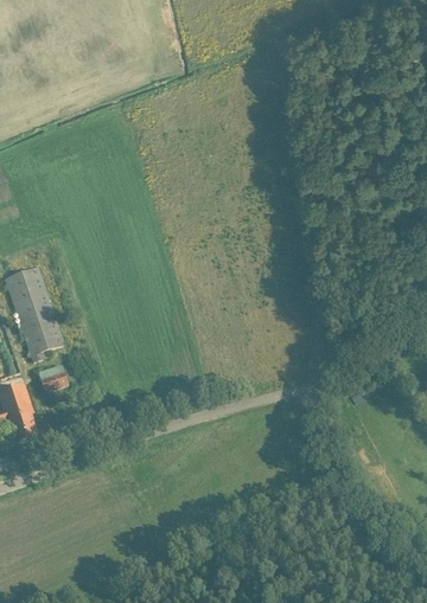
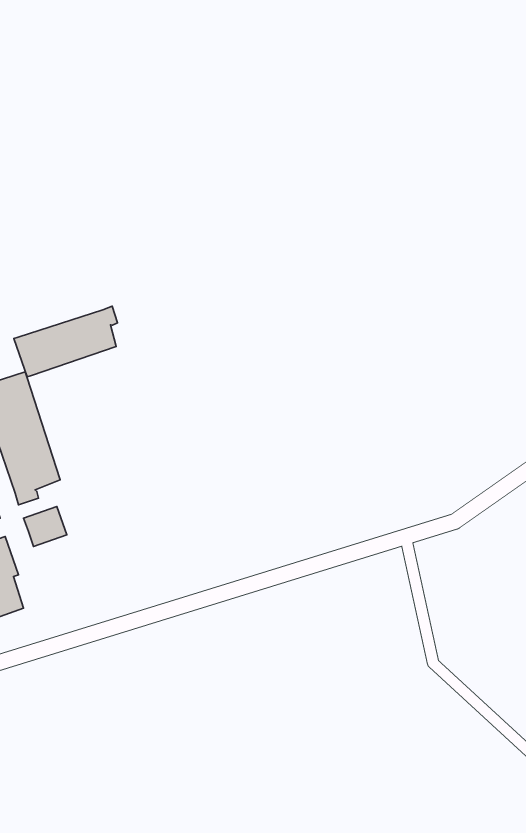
building: none -> [14,306,118,377]

